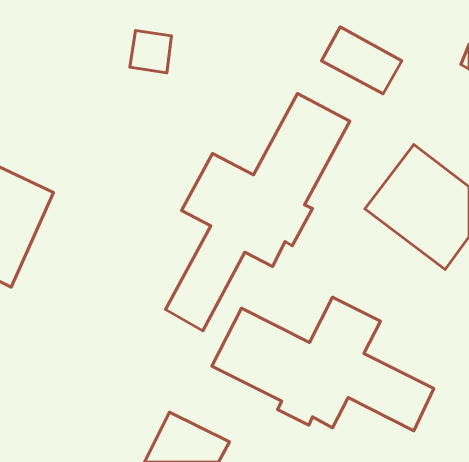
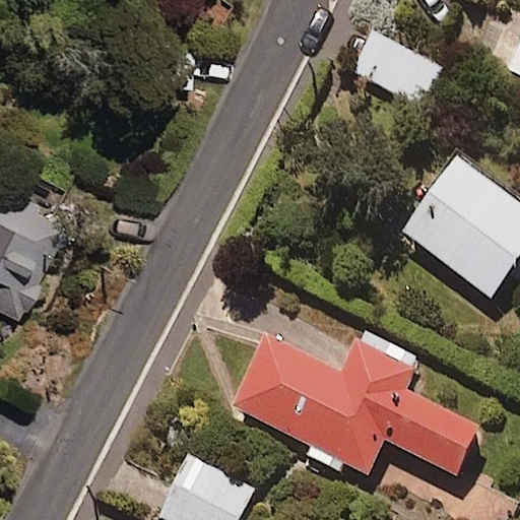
building: [166,93,350,331] -> none

